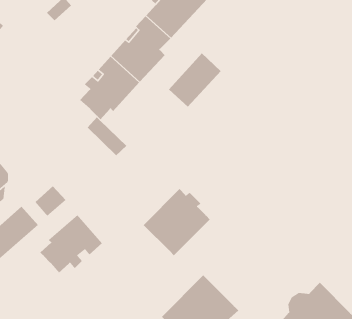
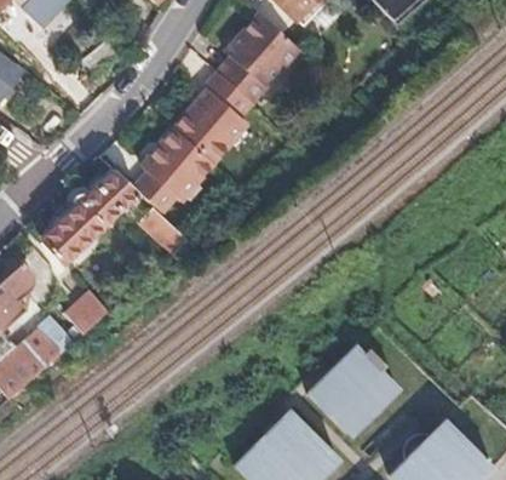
building: [168,53,222,107] -> none
building: none -> [45,170,140,261]
building: [143,188,211,256] -> [307,344,397,434]
building: [40,214,103,273] -> none

